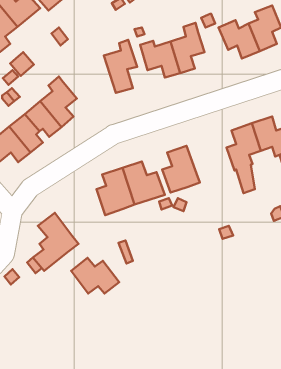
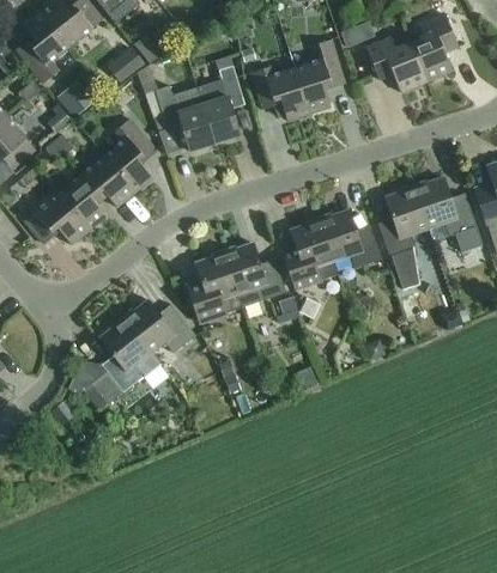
building: none -> [156,85,214,151]
building: none -> [319,209,381,268]
building: [71,258,119,294] -> [125,299,195,352]

